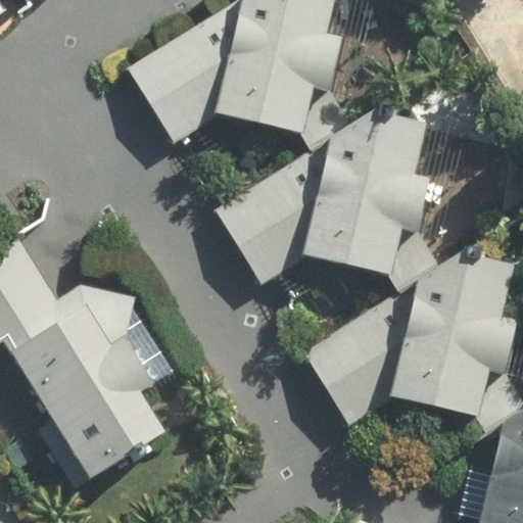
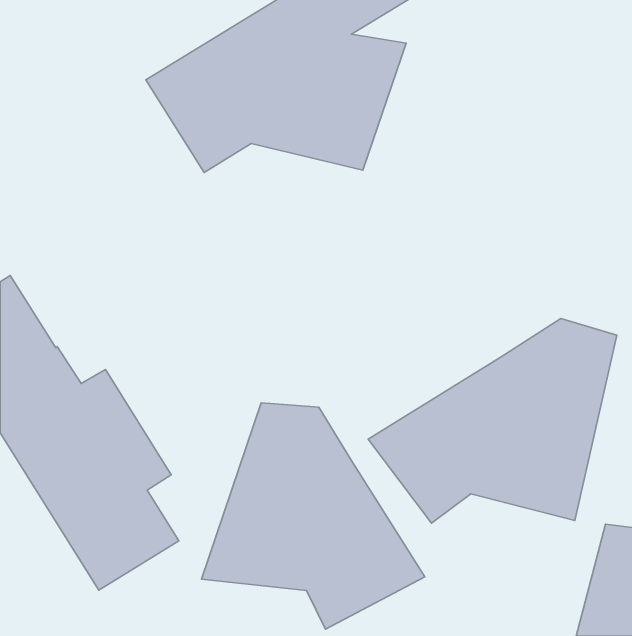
building: [223,111,424,281] -> none
building: none -> [201,403,425,629]

